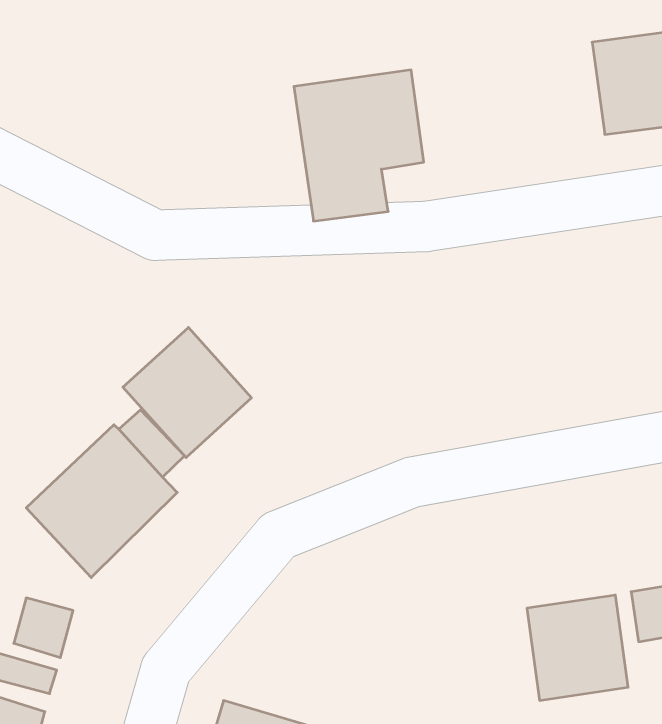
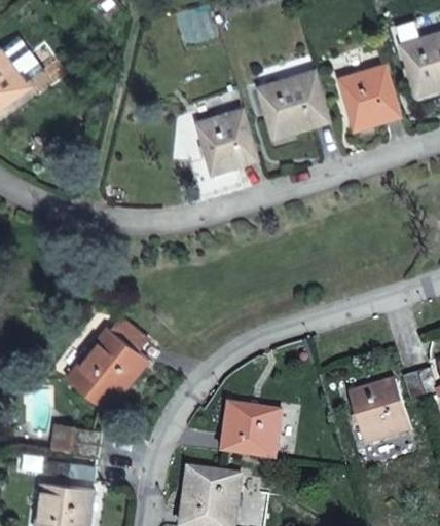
building: none -> [256,71,329,138]
building: [123,327,251,458] -> none
building: none -> [223,404,281,458]

